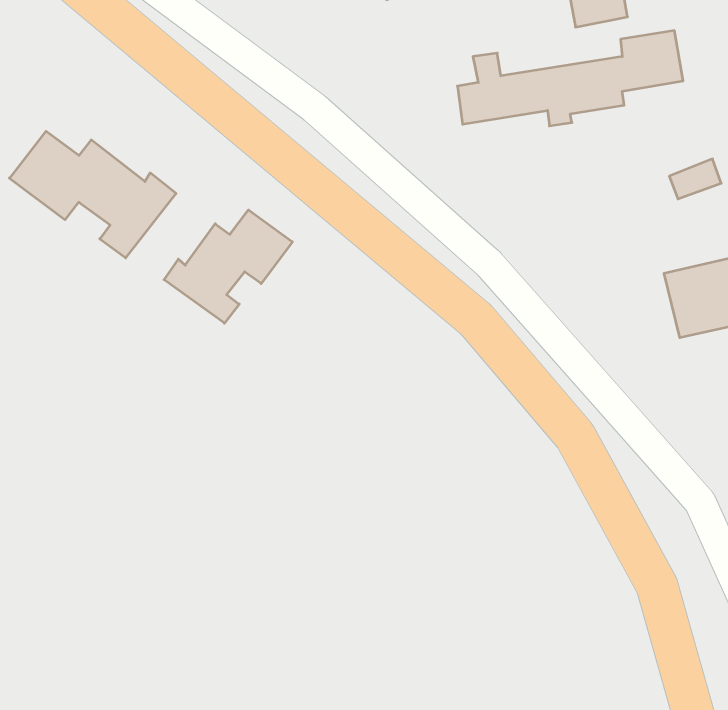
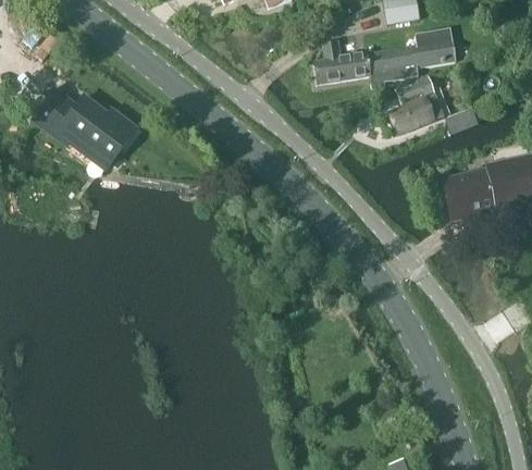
building: none -> [389,76,445,134]
building: [164,210,292,323] -> none

